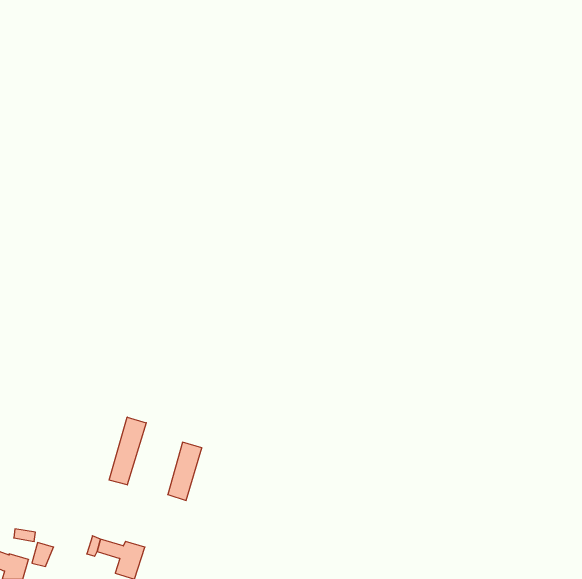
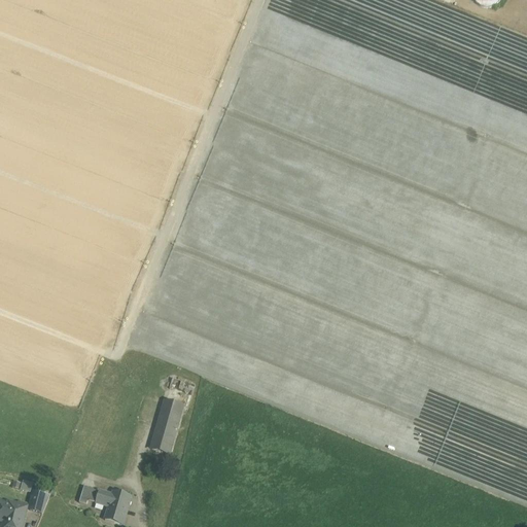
building: [109,417,146,485] -> none

